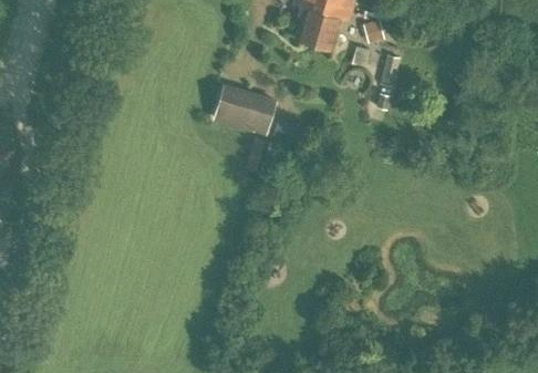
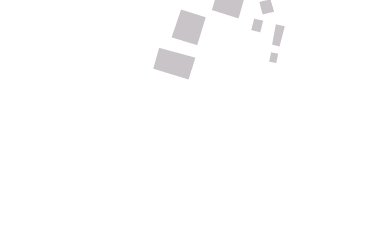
building: none -> [170,8,207,46]

